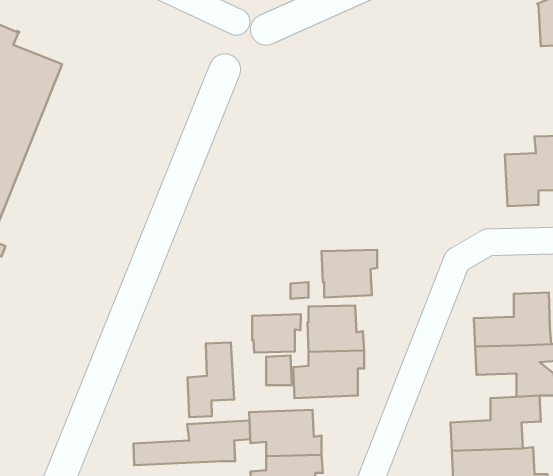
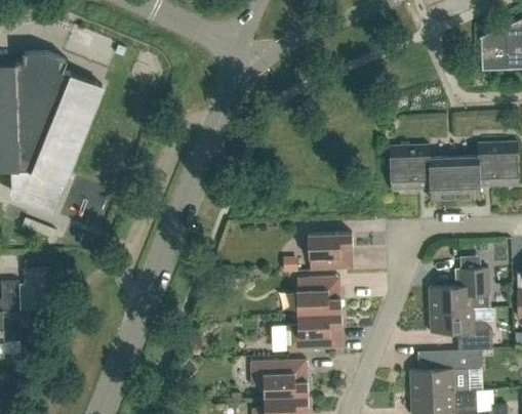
building: none -> [389,144,455,199]
building: [252,314,301,353] -> none
building: [188,342,234,417] -> none
building: [133,421,250,465] -> none

